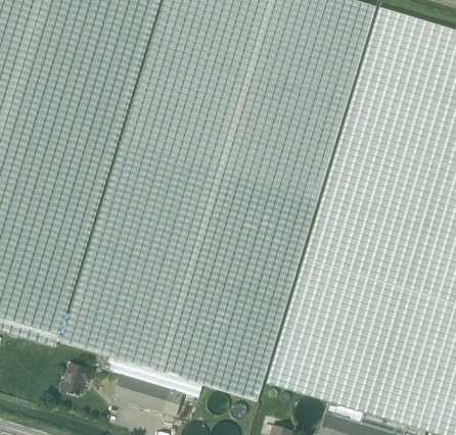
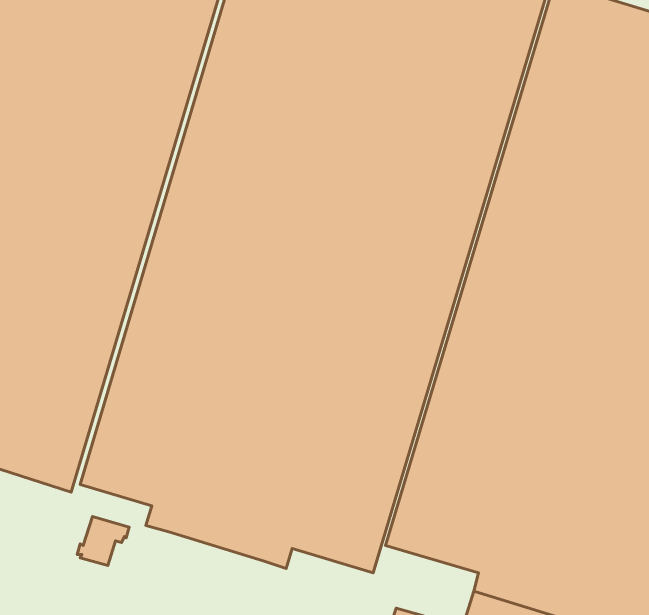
building: [112,373,183,416] -> none

